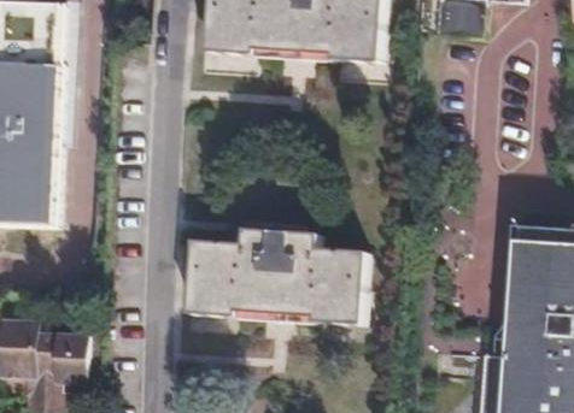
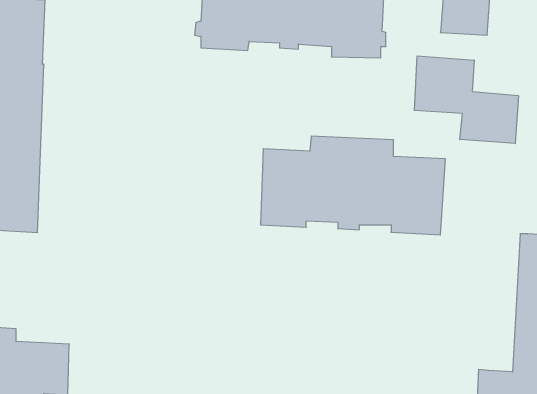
building: none -> [415,56,518,144]
building: [195,231,371,325] -> [261,136,445,235]

